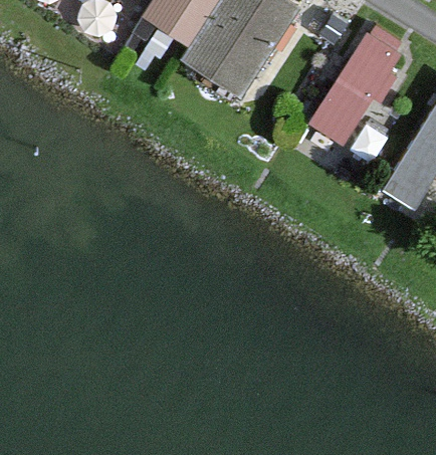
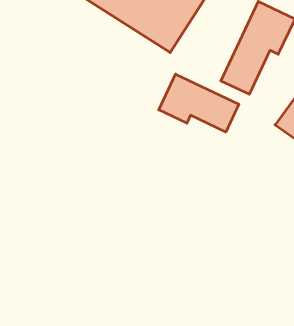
building: none -> [159,74,239,132]

